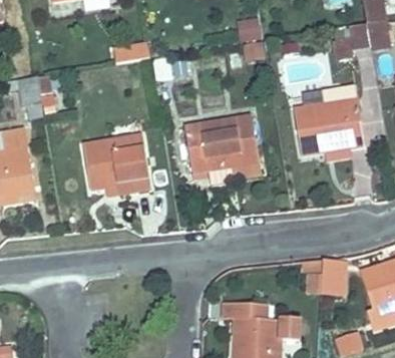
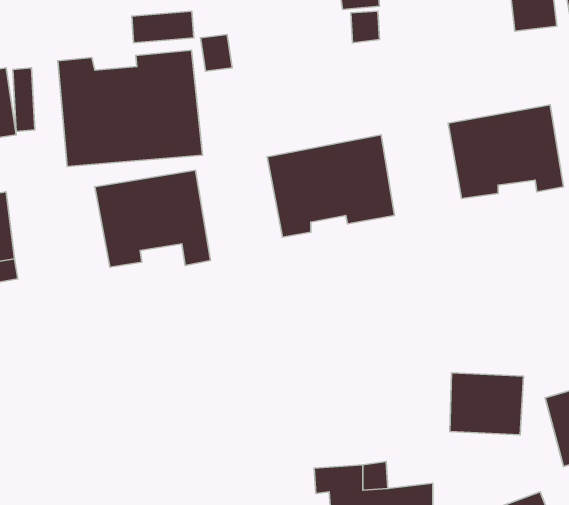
building: none -> [58,50,203,166]

